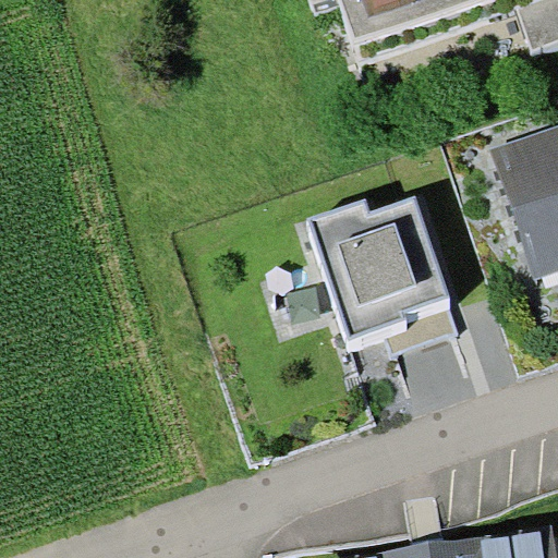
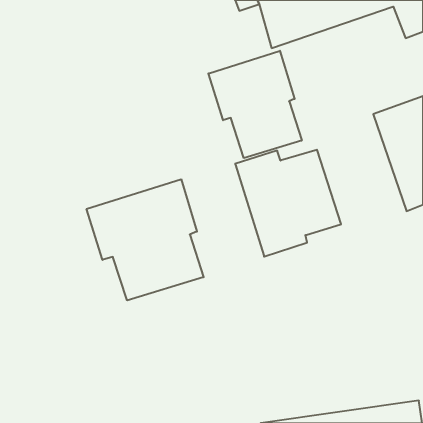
building: none -> [208,51,302,158]
building: none -> [87,179,204,300]

